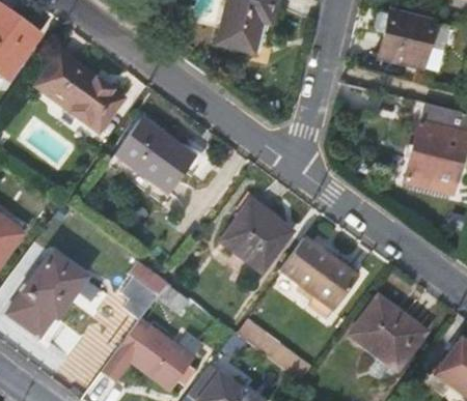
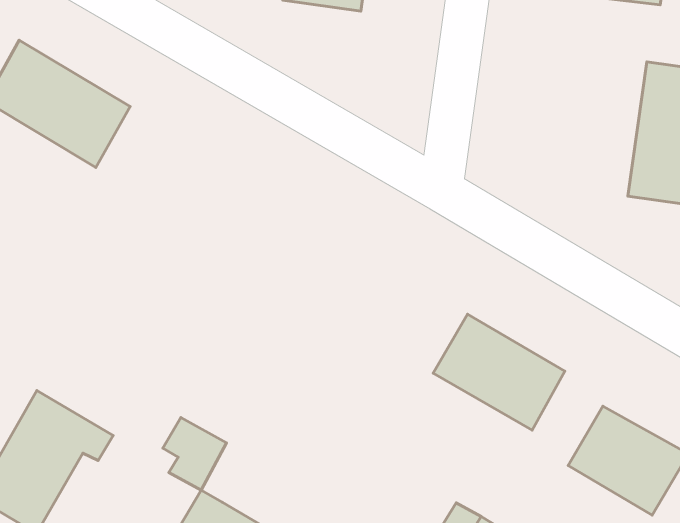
building: [116,117,195,190] -> none
building: [224,199,294,267] -> none

